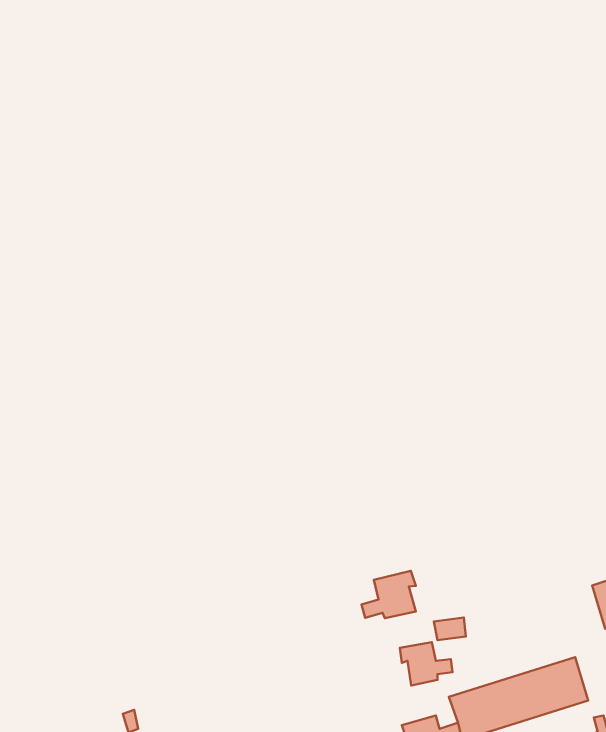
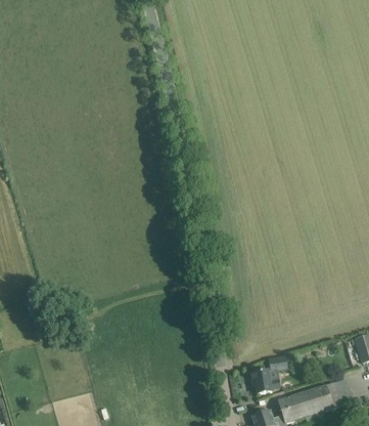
building: [361,571,416,618] -> none

